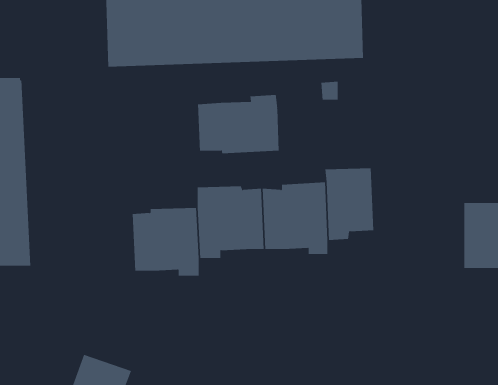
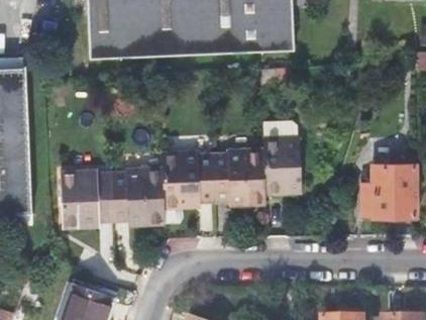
building: [198,94,279,154] -> none
building: none -> [60,171,111,226]

